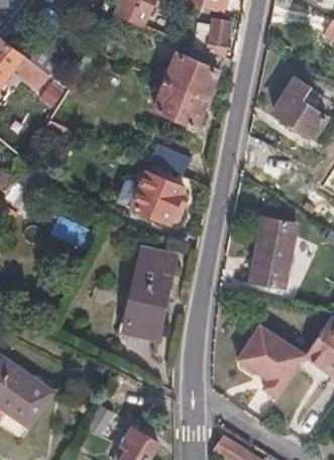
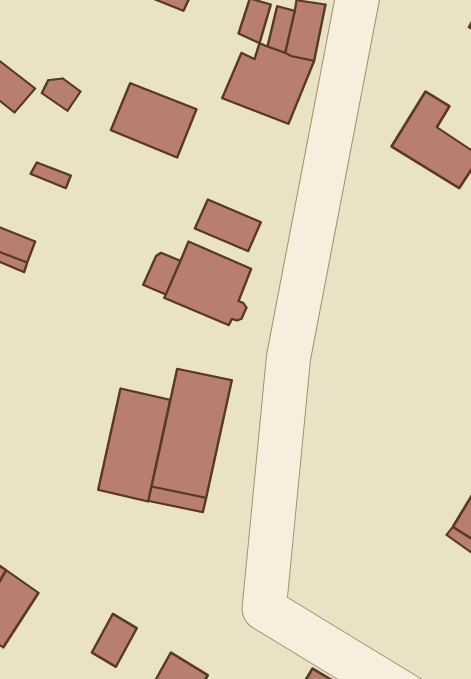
building: [154,81,208,127] -> [111,83,196,157]
building: [250,217,297,288] -> none
building: none -> [98,388,170,501]
building: [238,324,307,397] -> none

